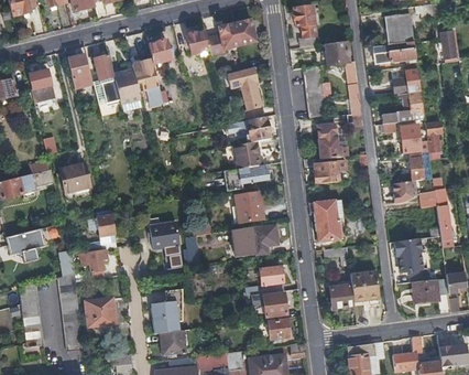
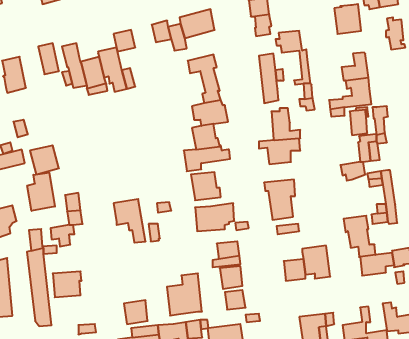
building: [371,41,416,65] -> none
building: none -> [27,173,55,211]
building: [150,288,187,333] -> [167,273,202,316]

